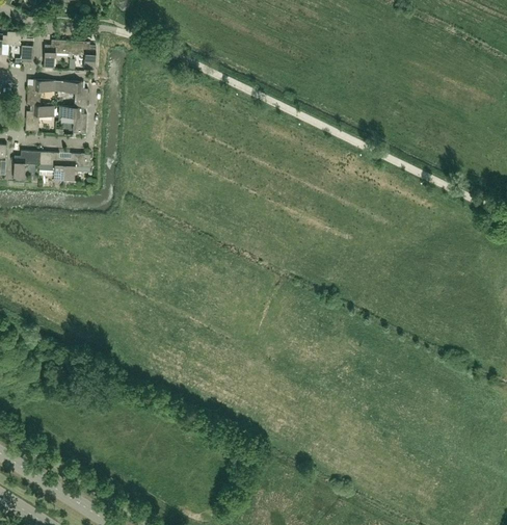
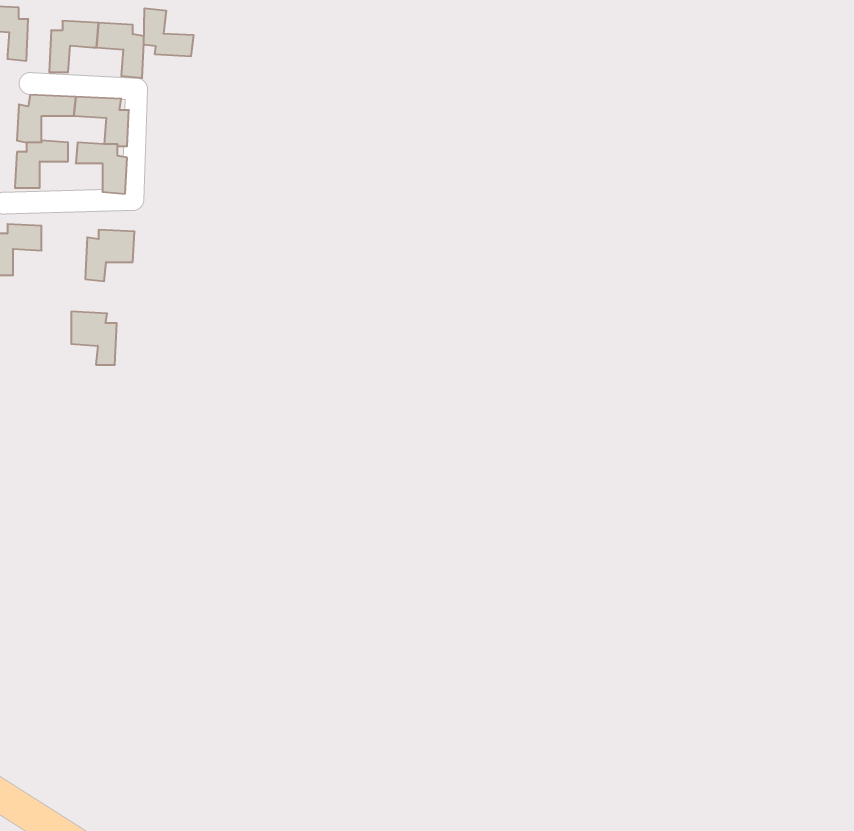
building: none -> [144,8,193,56]
building: [39,152,64,181] -> [71,312,117,365]

